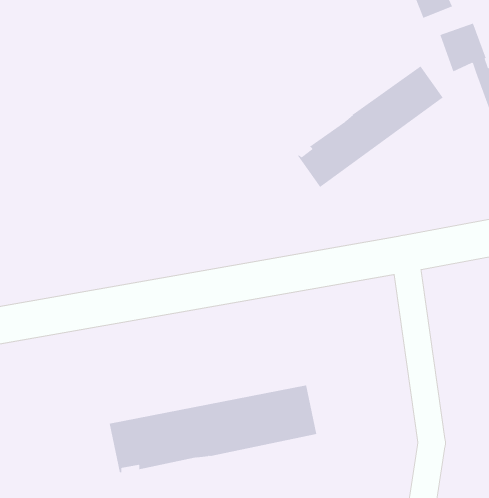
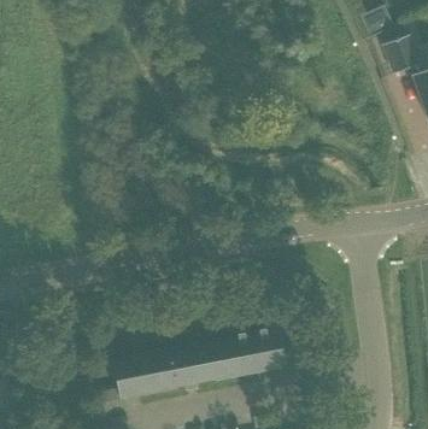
building: [297,66,443,188] -> none

